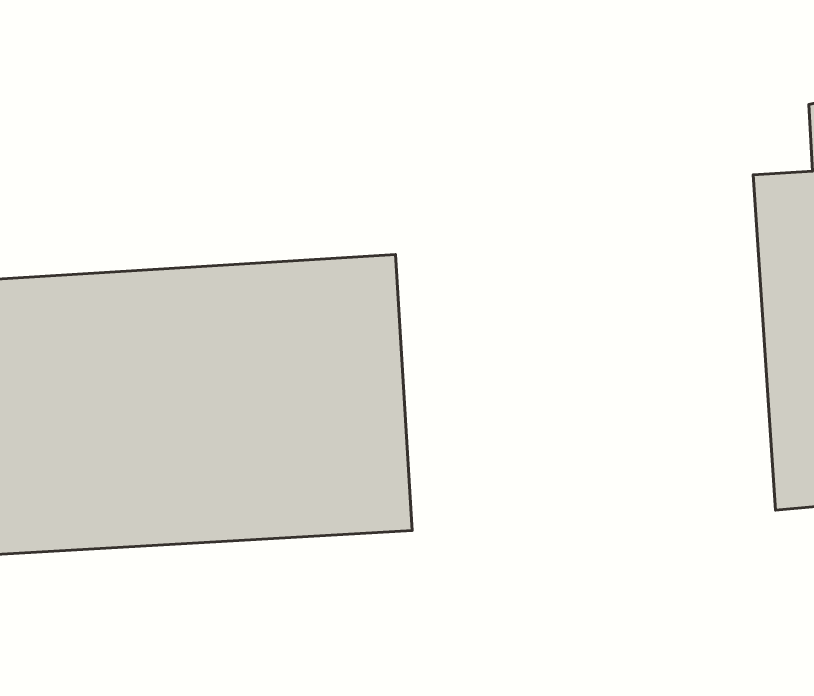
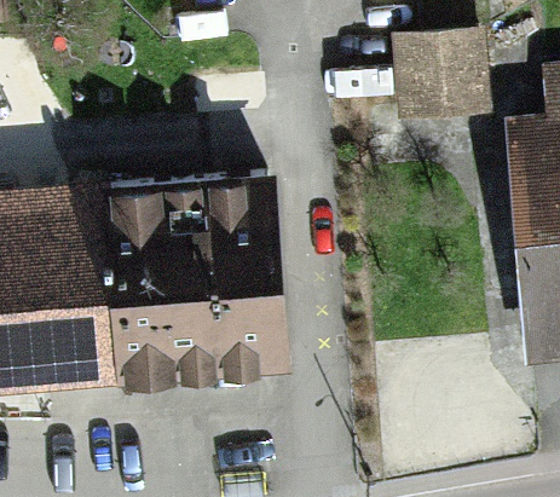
building: none -> [389,40,480,125]

